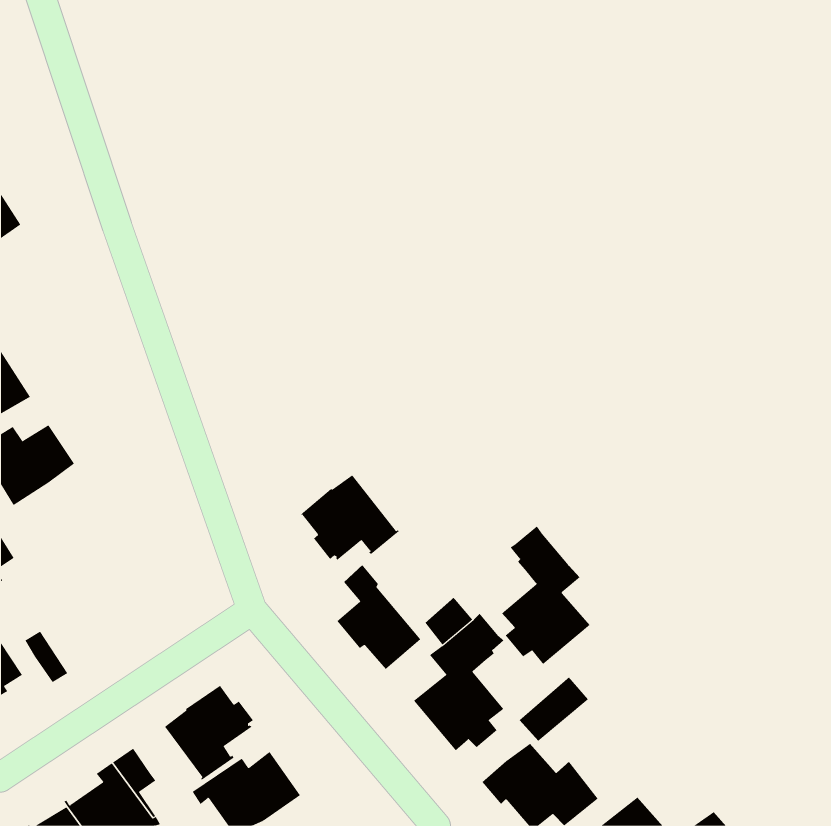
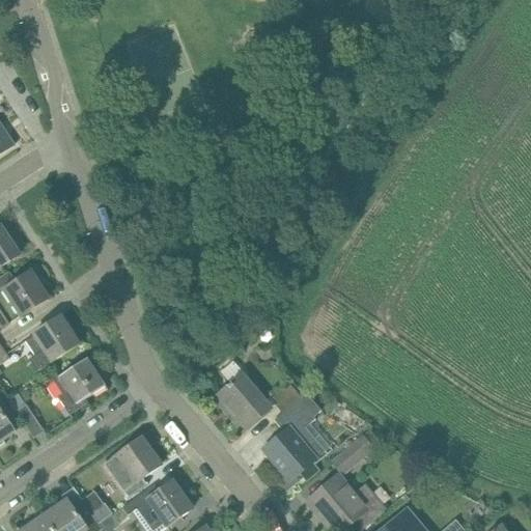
building: [300,474,399,561] -> none
building: none -> [30,314,78,368]
building: [501,526,591,665] -> none
building: none -> [58,356,106,413]

